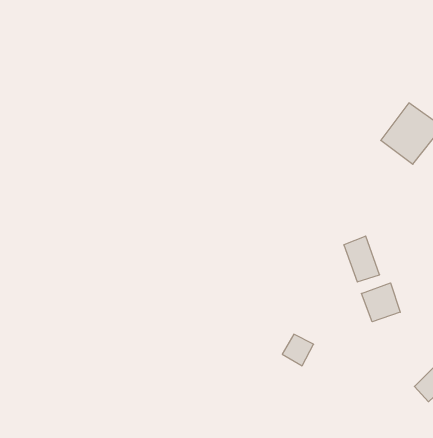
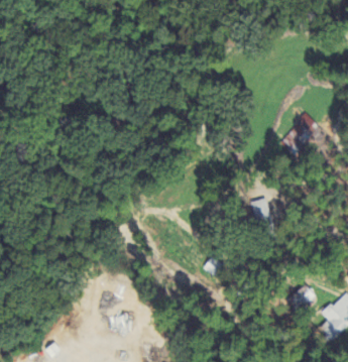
building: [361,283,400,322] -> none

